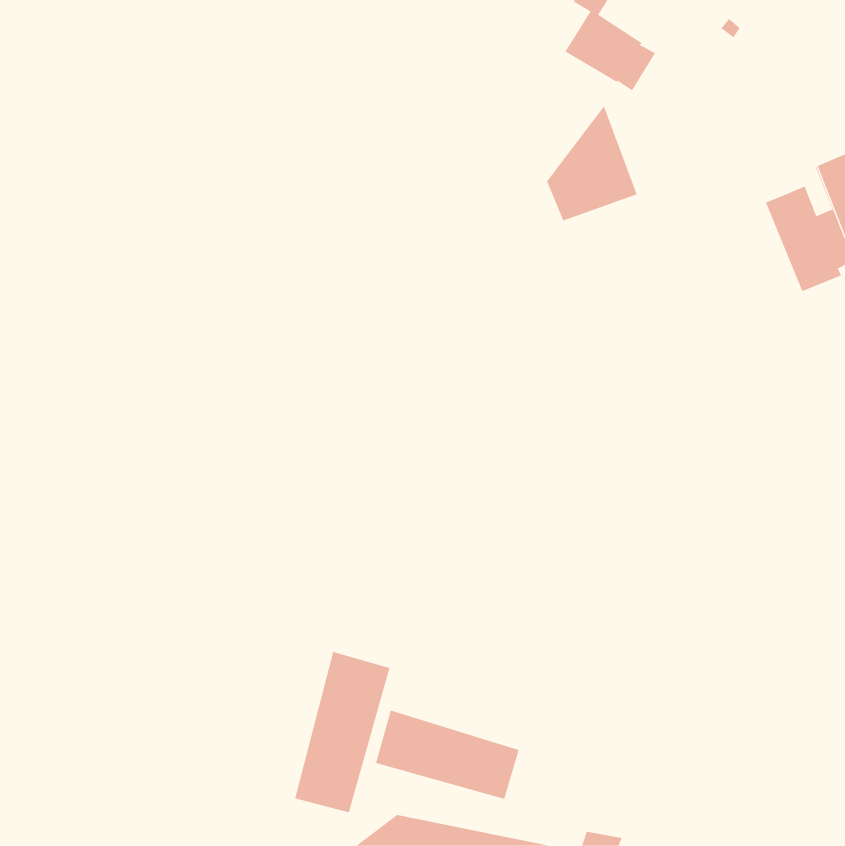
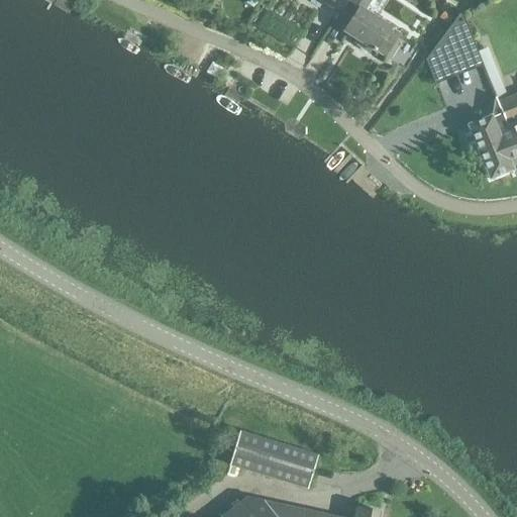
building: [546,105,637,221] -> [427,10,483,81]
building: [295,651,390,813] -> none

